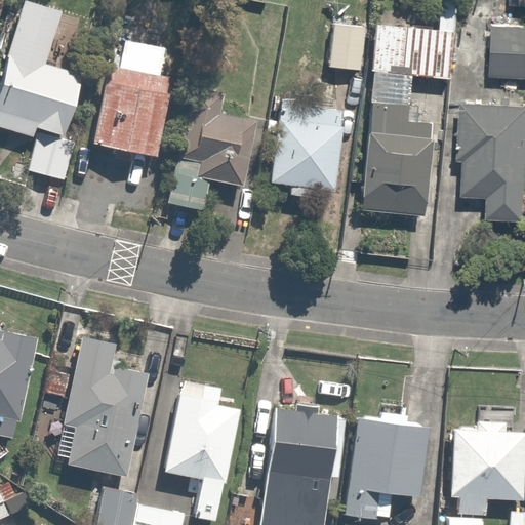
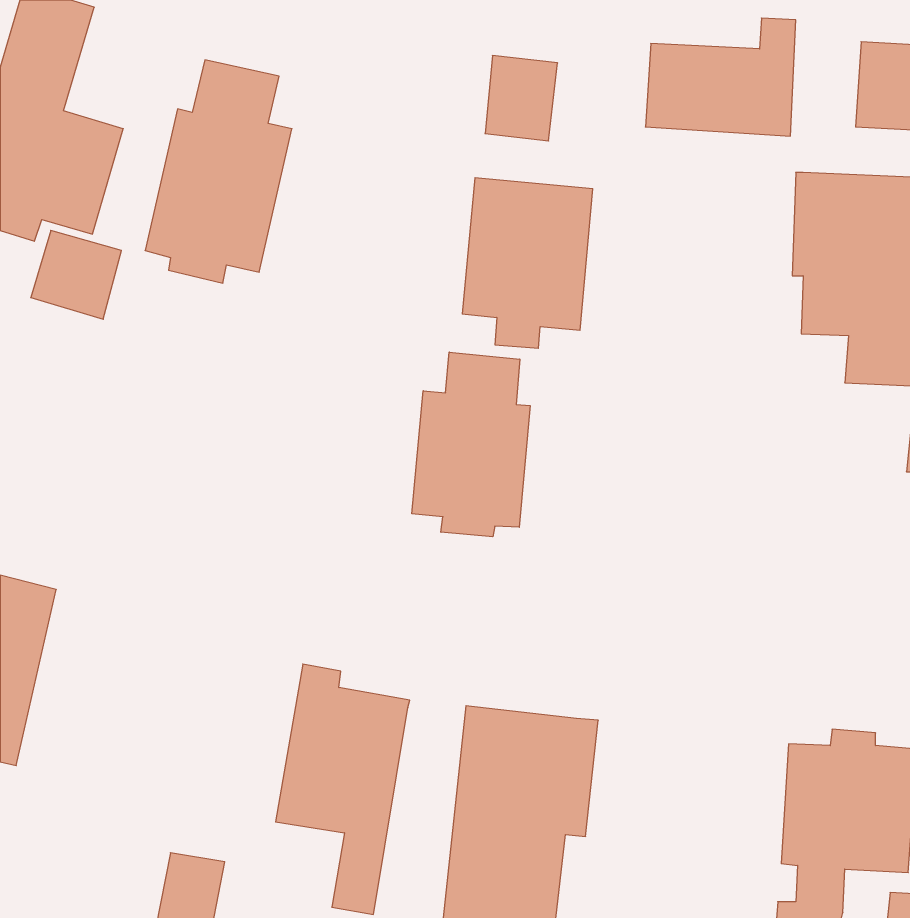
building: [329,27,370,75] -> [485,56,558,141]
building: [170,87,252,206] -> none
building: [360,105,430,223] -> none
building: none -> [412,352,530,537]
building: [56,332,149,475] -> none
building: [346,408,428,518] -> none

